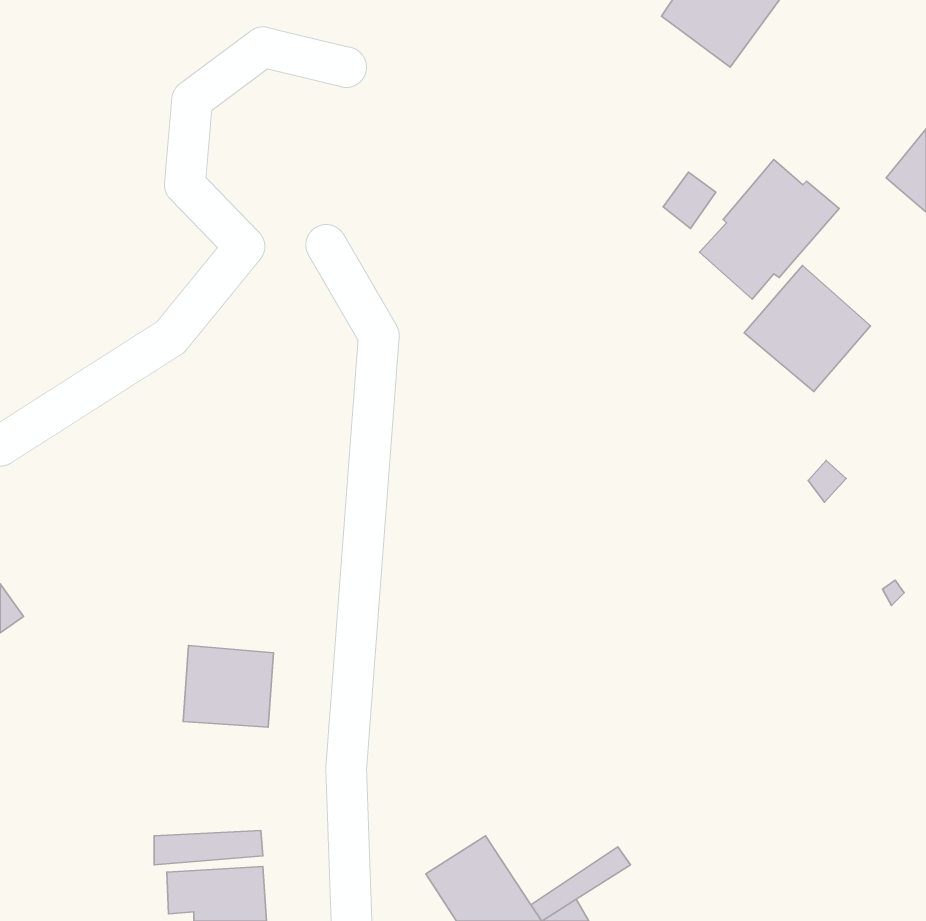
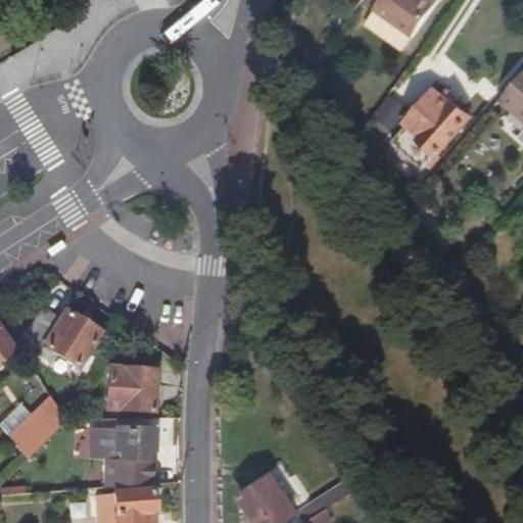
building: [744,266,871,392] -> none
building: none -> [26,307,97,371]
building: none -> [7,393,65,457]
building: none -> [101,425,149,458]

